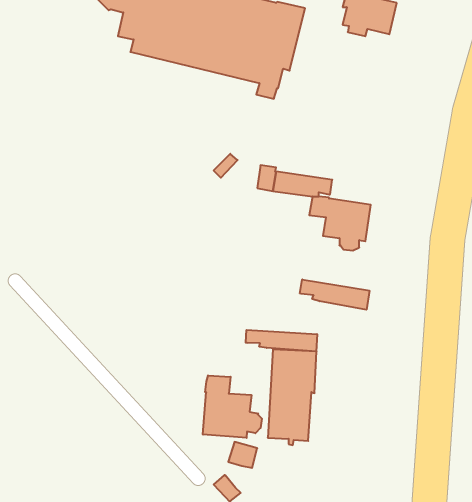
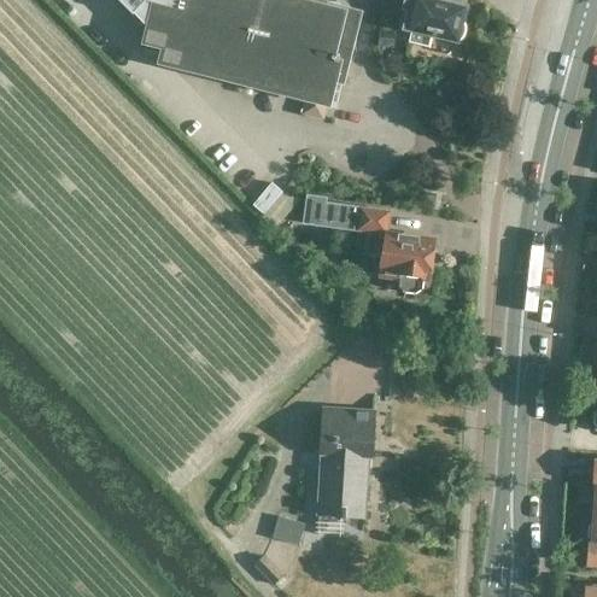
building: [300,279,369,310] -> none
building: [246,330,317,351] -> none
building: [203,375,262,438] -> none

